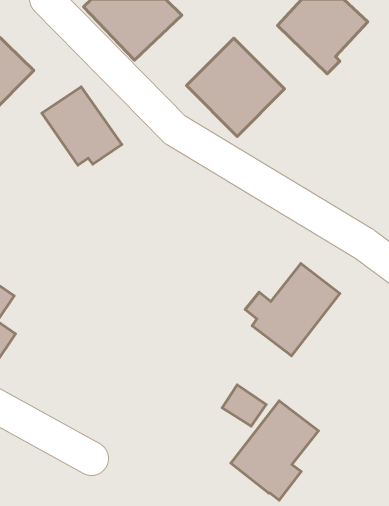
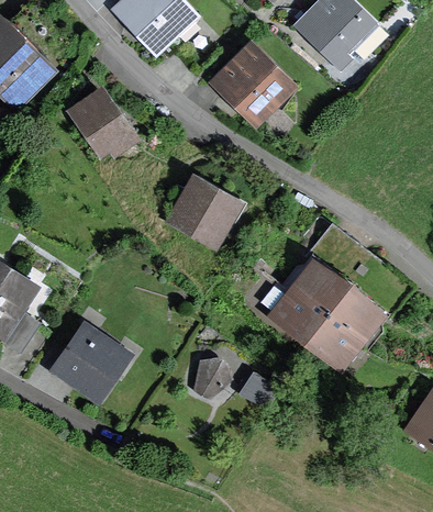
building: none -> [164,171,245,252]
building: none -> [46,318,133,404]
building: none -> [192,355,232,398]
building: [231,401,319,500] -> [303,282,387,377]

